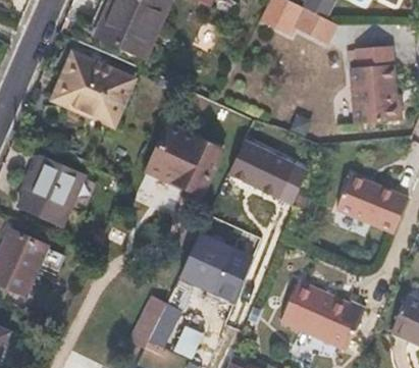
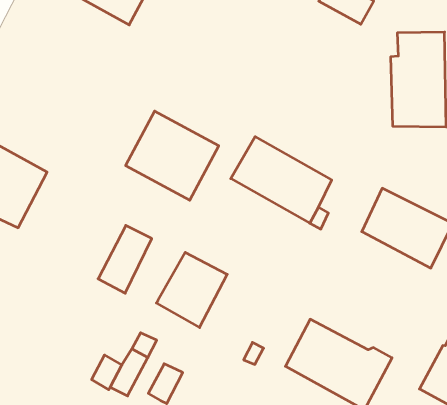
building: [50,53,130,126] -> none
building: [211,250,252,304] -> [98,225,152,293]

